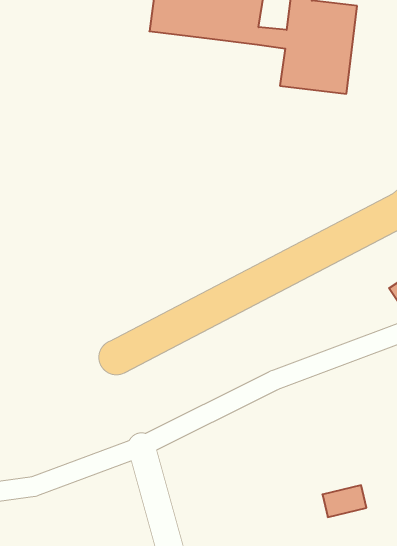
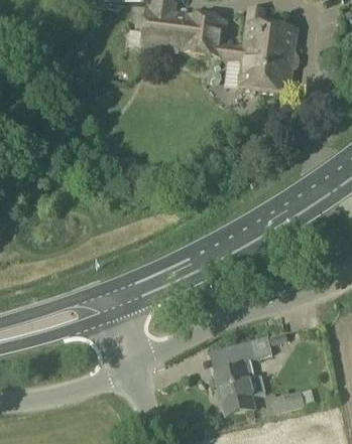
building: none -> [210,330,288,415]

